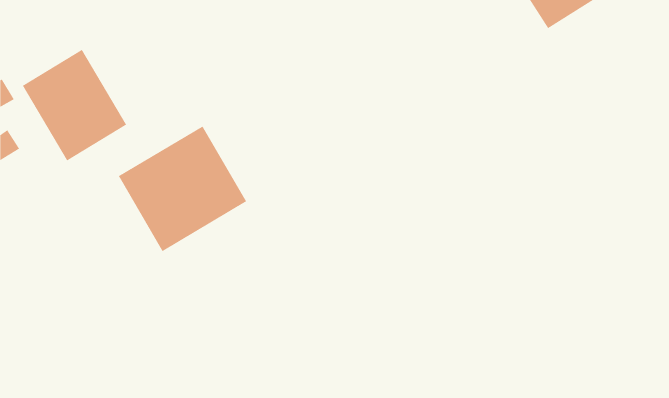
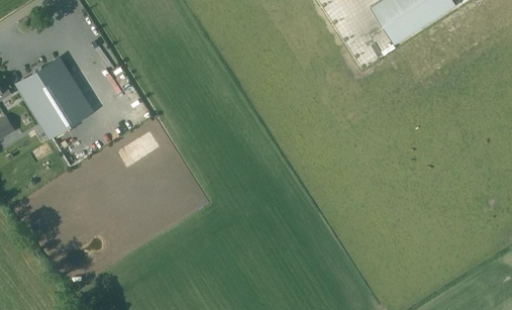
building: [118,125,247,252] -> none

